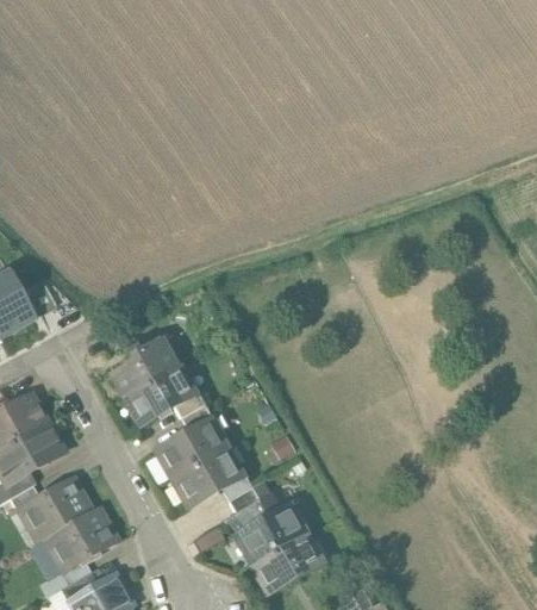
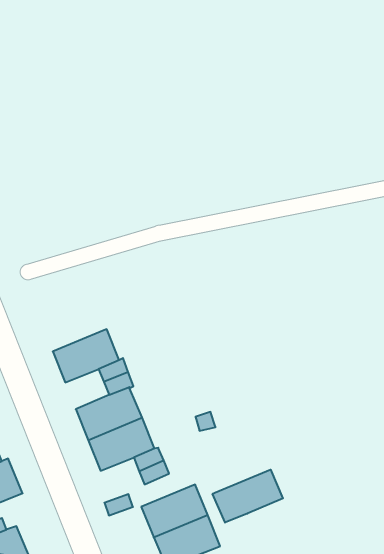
building: [111,336,174,394] -> none
building: none -> [213,470,283,523]

